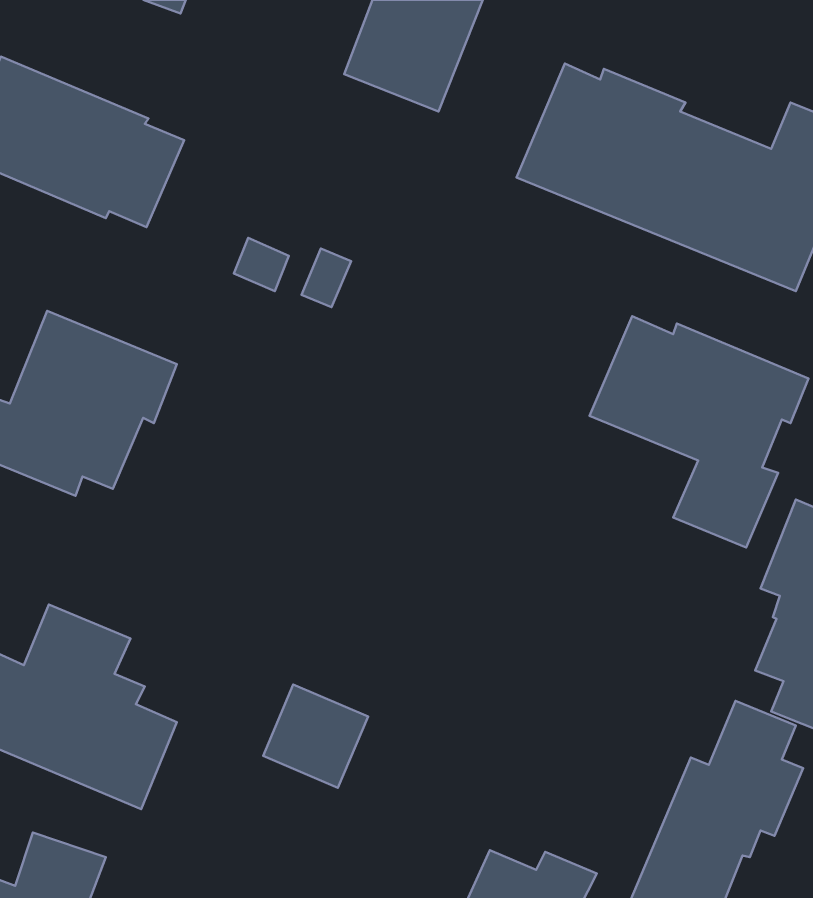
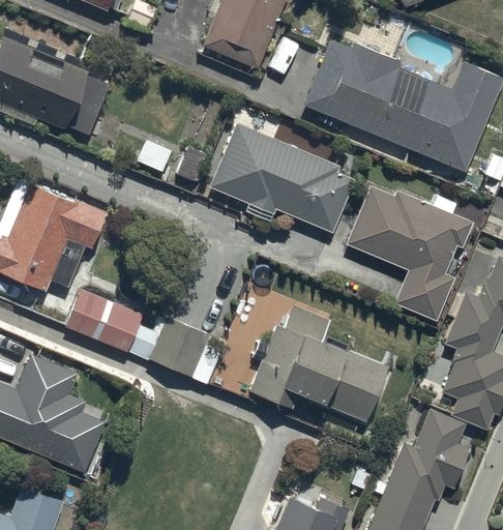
building: none -> [210,123,354,232]
building: none -> [66,290,143,351]
building: none -> [249,305,389,422]
building: [263,685,368,788] -> [149,317,210,377]

